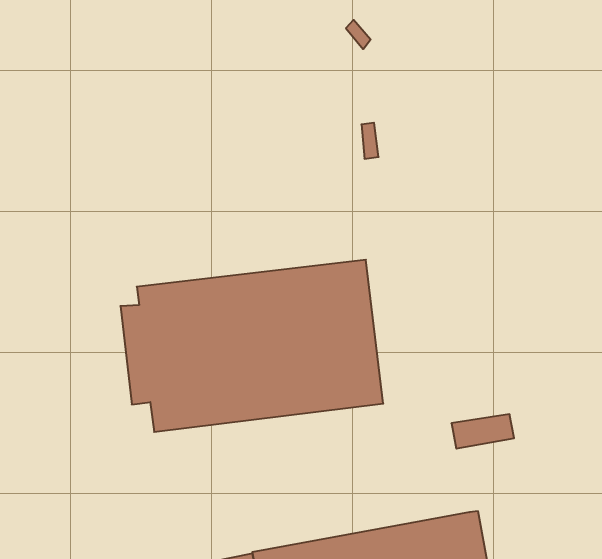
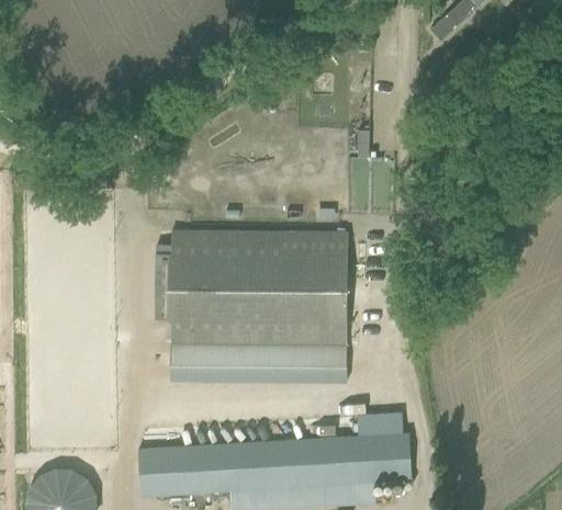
building: none -> [170,343,347,381]
building: [451,414,514,449] -> [356,417,402,438]

